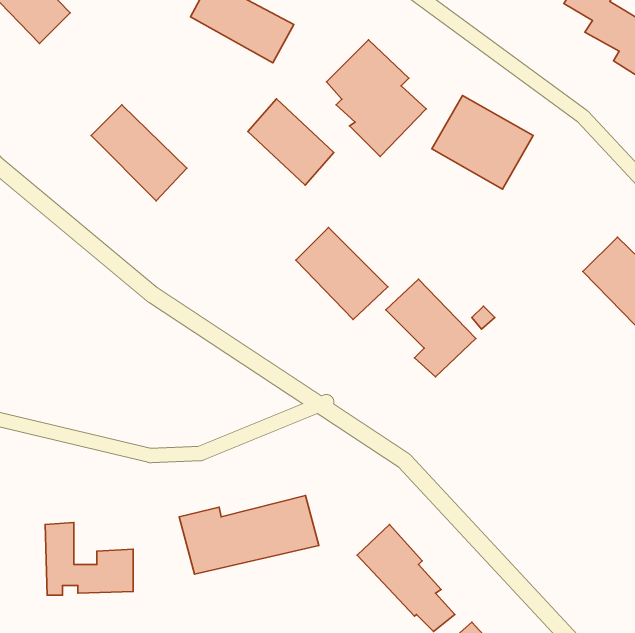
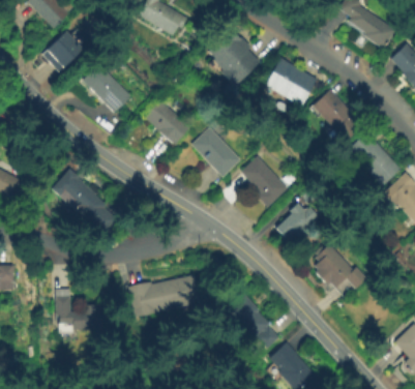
building: none -> [38,27,80,69]
building: [248,99,334,185] -> [144,100,190,147]
building: none -> [313,89,363,140]
building: none -> [51,170,120,235]
building: none -> [276,202,318,240]
building: none -> [314,245,369,300]

